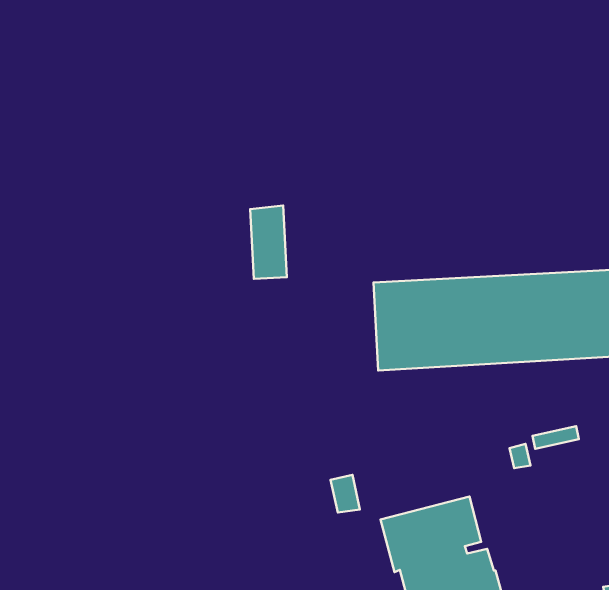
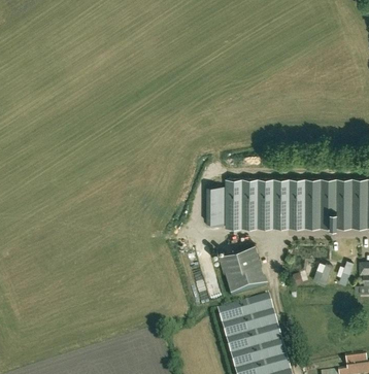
building: [250,206,287,279] -> [205,186,224,227]
building: none -> [217,244,265,297]

